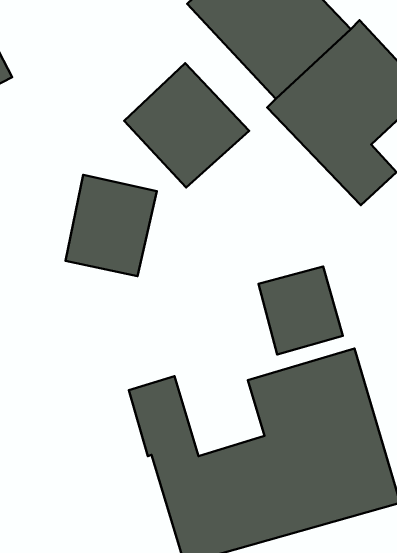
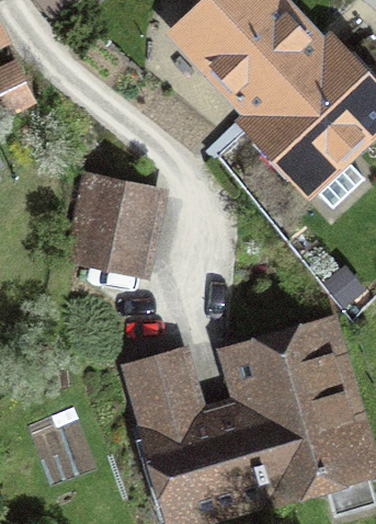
building: [124,63,249,188] -> none
building: [259,266,343,354] -> none

